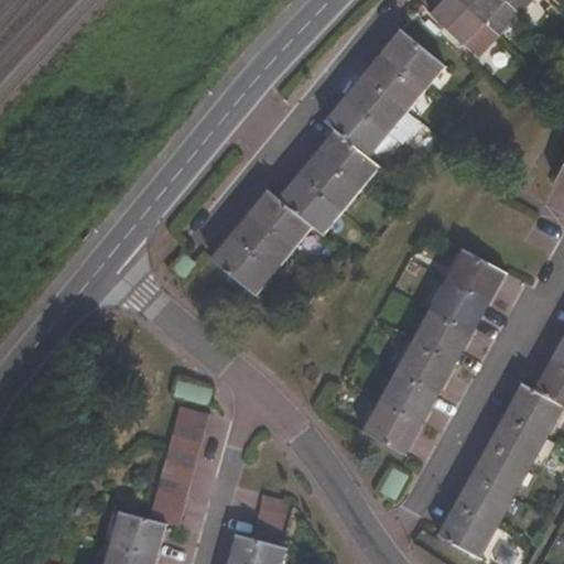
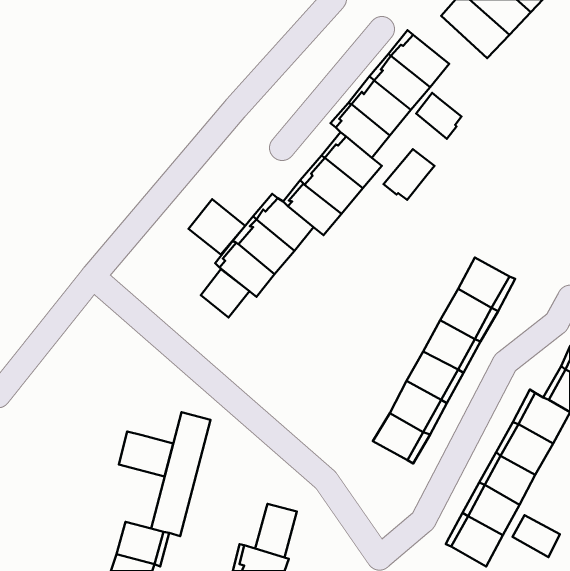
building: none -> [416,93,462,139]
building: none -> [384,149,435,200]
building: none -> [189,199,245,254]
building: none -> [201,269,250,318]
building: none -> [119,431,173,477]
building: none -> [513,515,560,557]

